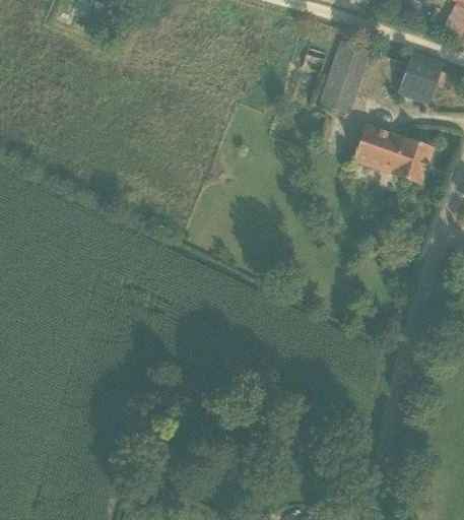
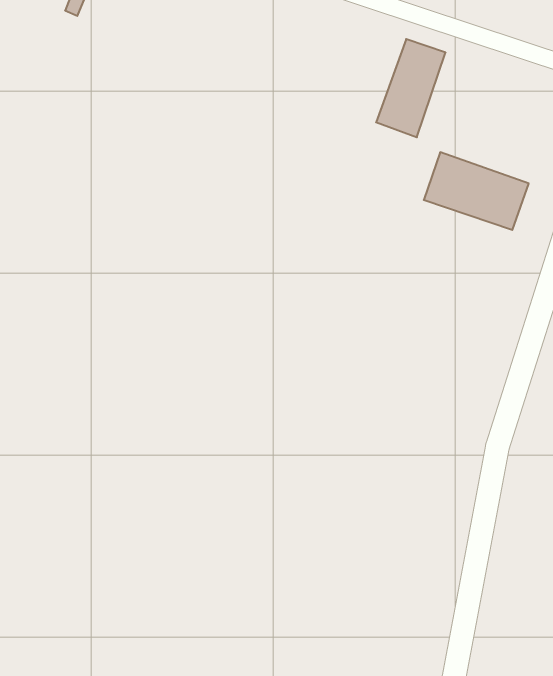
building: [400,52,444,102] -> none

